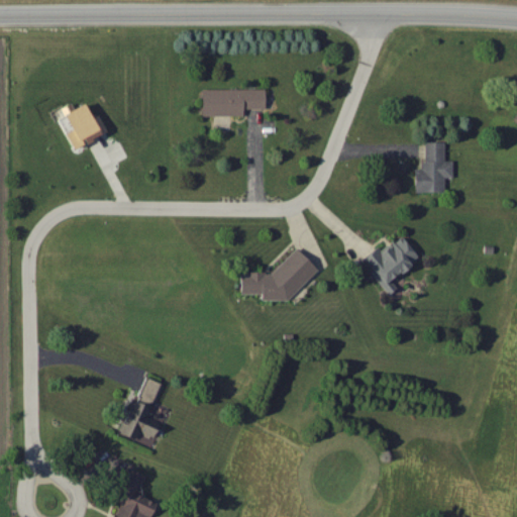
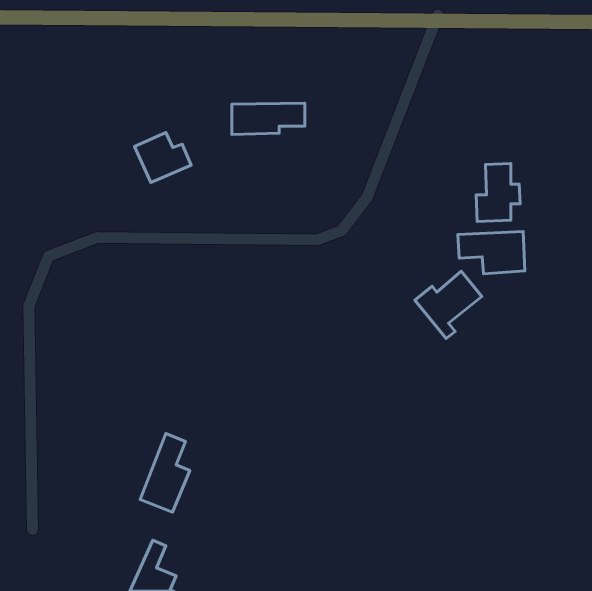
building: [58,105,107,148] -> [135,133,191,182]
building: none -> [458,232,525,274]
building: [241,248,318,301] -> none

